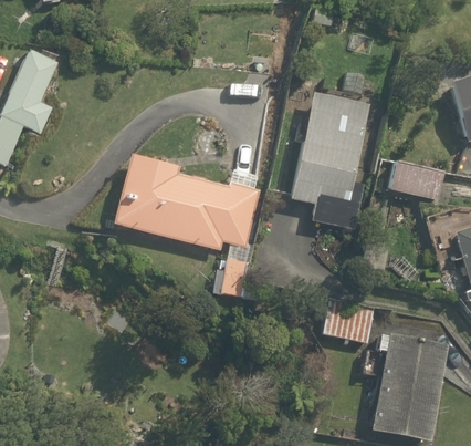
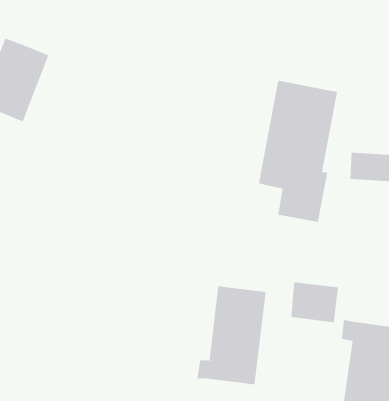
building: [109,155,265,295] -> none
building: none -> [197,286,266,385]

